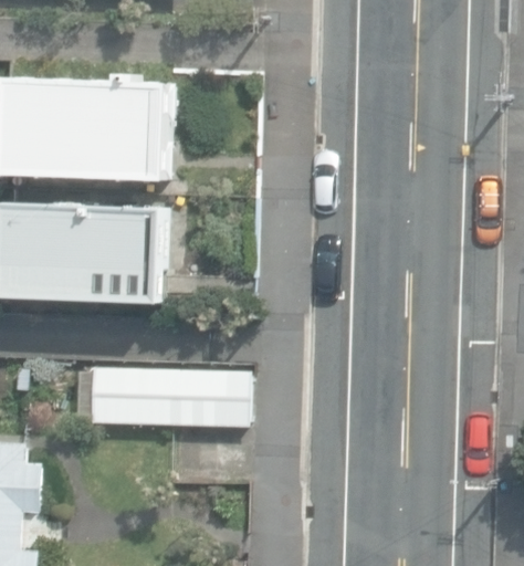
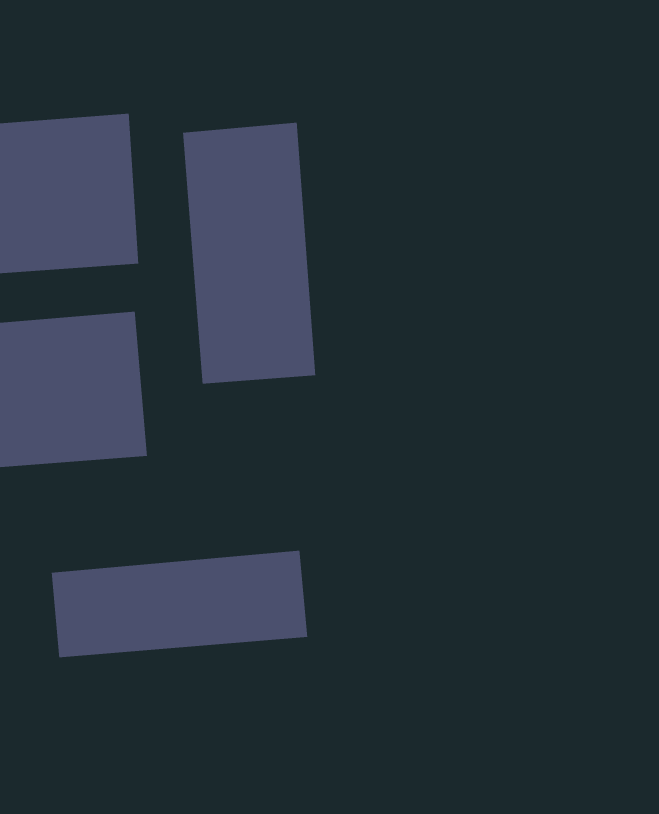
building: none -> [182,122,316,384]

